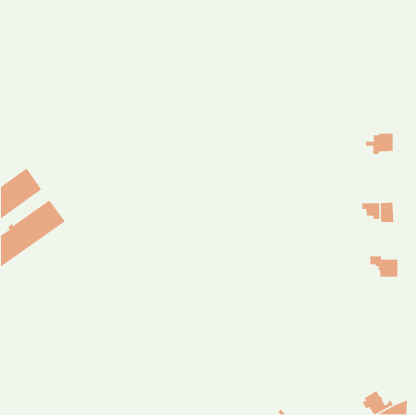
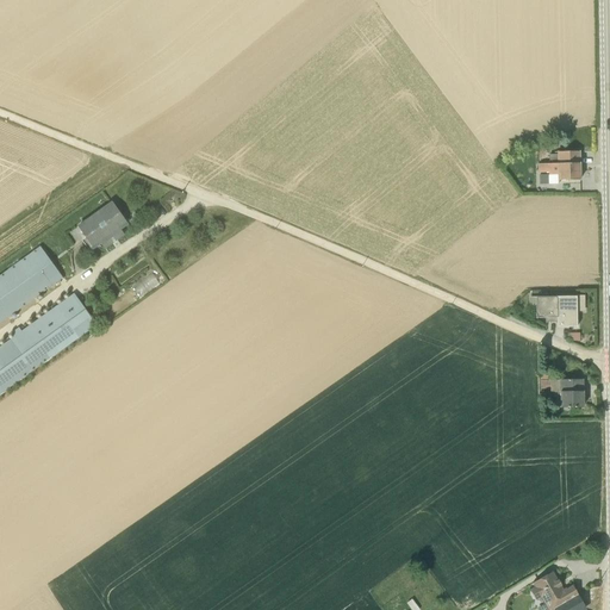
building: [365,133,394,155] -> [537,151,579,183]
building: none -> [77,203,126,250]

